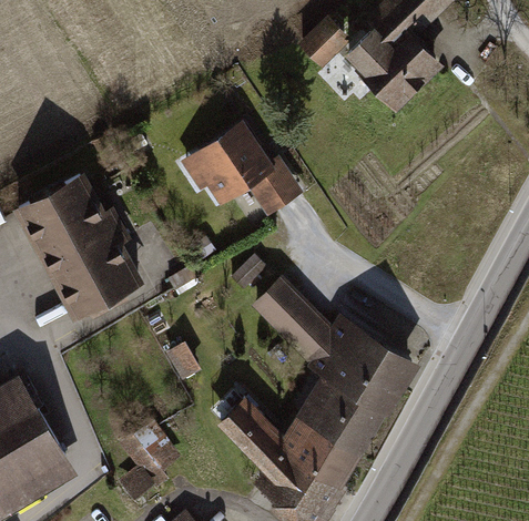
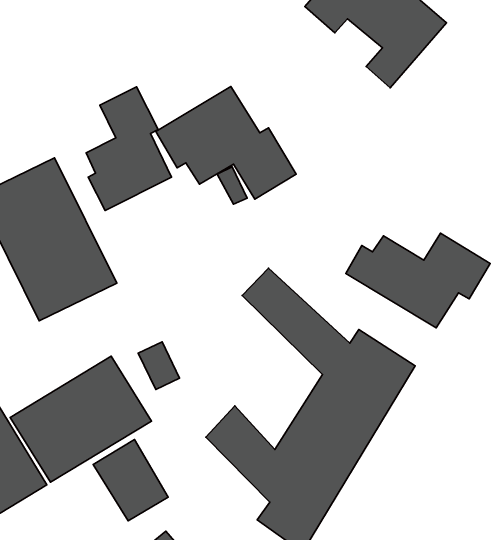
building: none -> [86,87,172,211]
building: none -> [346,233,490,328]
building: none -> [10,356,152,482]

